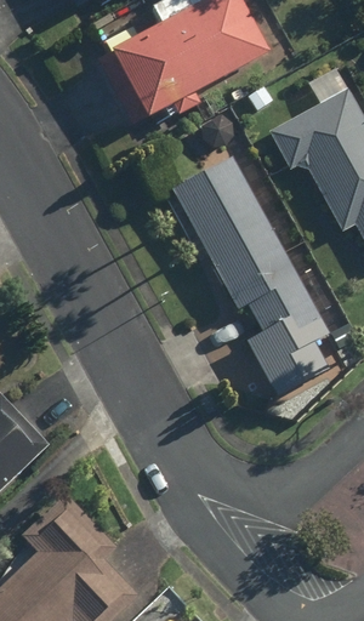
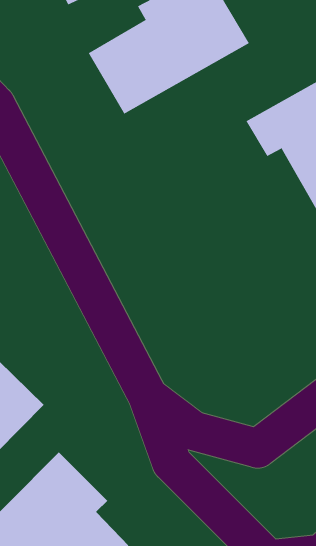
building: [170,156,332,399] -> none

